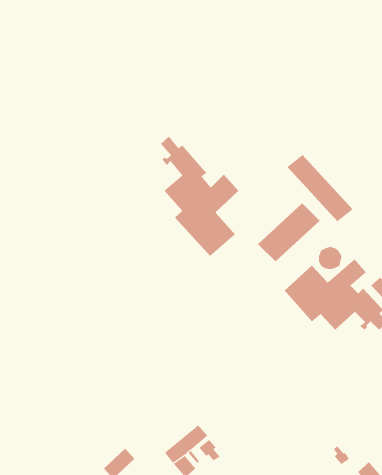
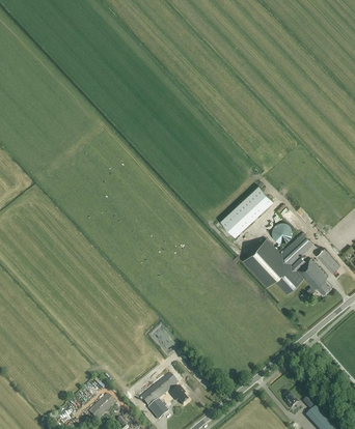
building: [160,136,239,257] -> none
building: [287,154,353,222] -> none

